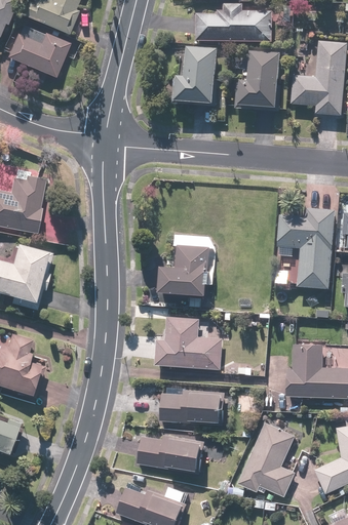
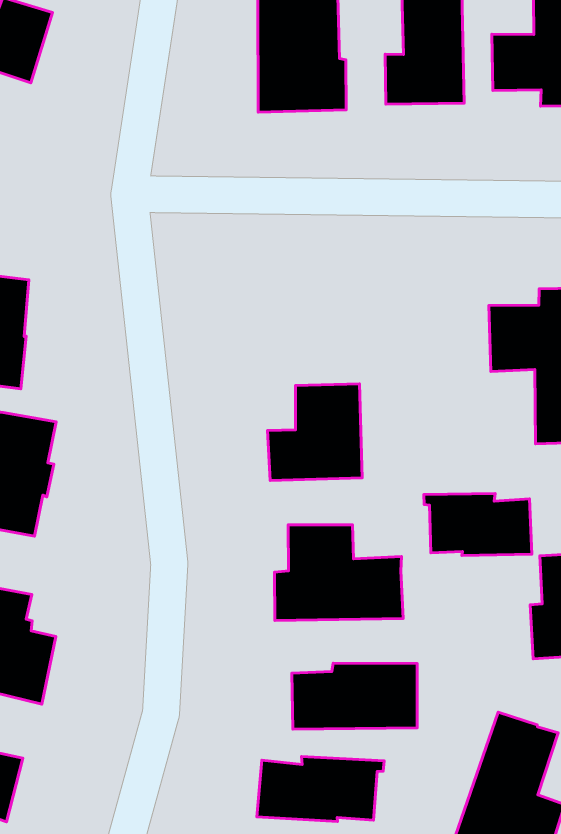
building: none -> [424,494,532,555]

